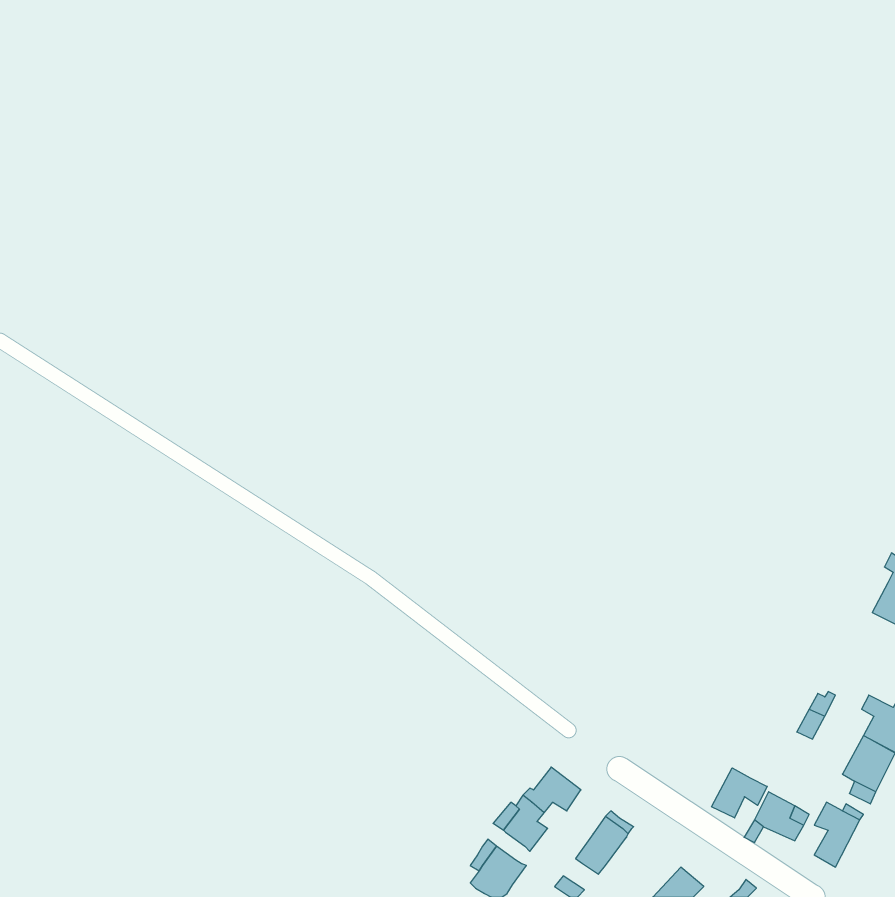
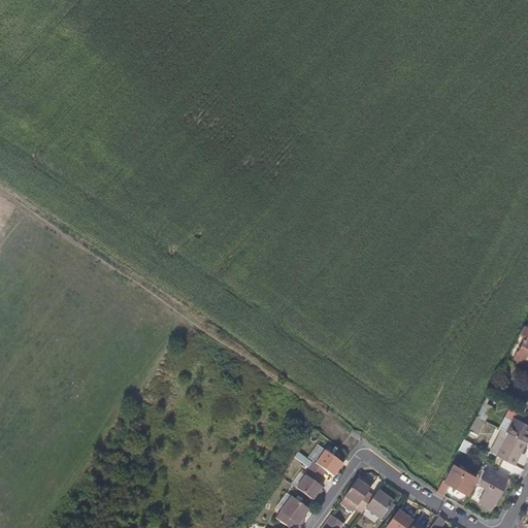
building: [712,768,767,818] -> none
building: none -> [357,490,394,519]

